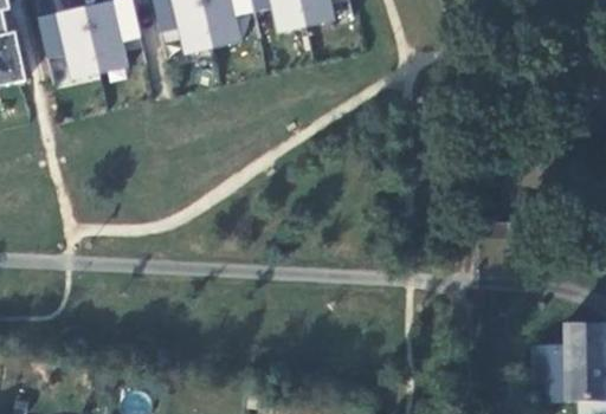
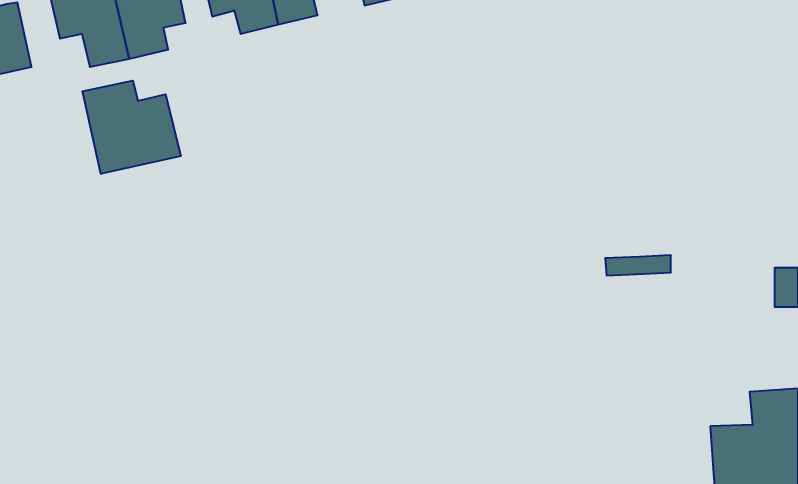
building: none -> [83,81,181,174]

